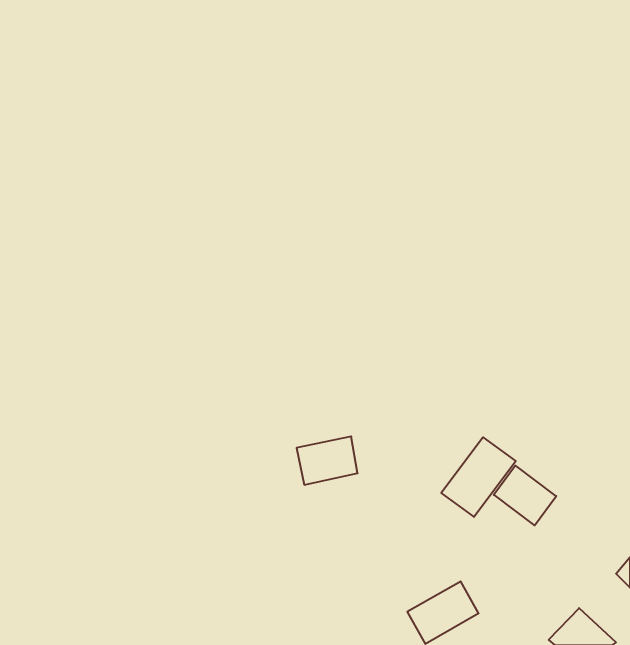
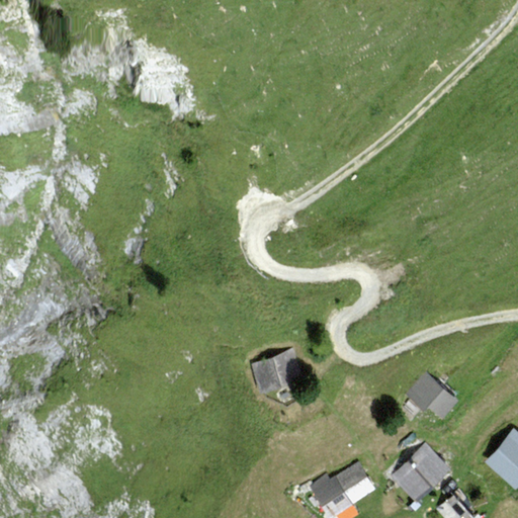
building: [441,437,516,517] -> none
building: none -> [399,452,450,505]

